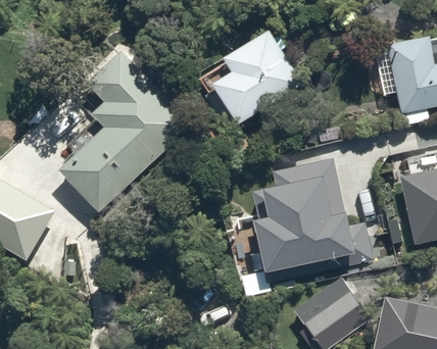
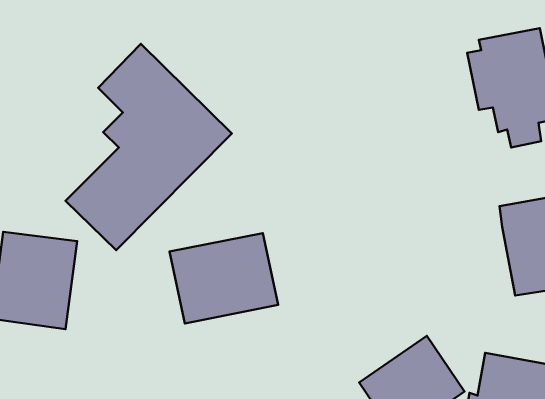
building: [212,29,300,123] -> none
building: [252,159,373,287] -> none
building: none -> [170,233,278,323]

